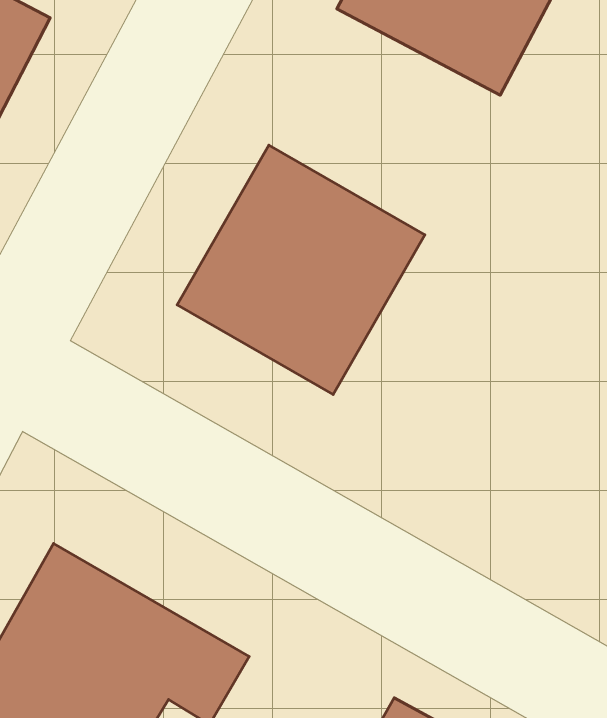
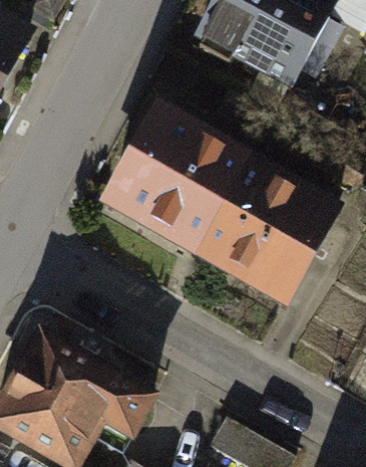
building: none -> [192,161,330,299]

